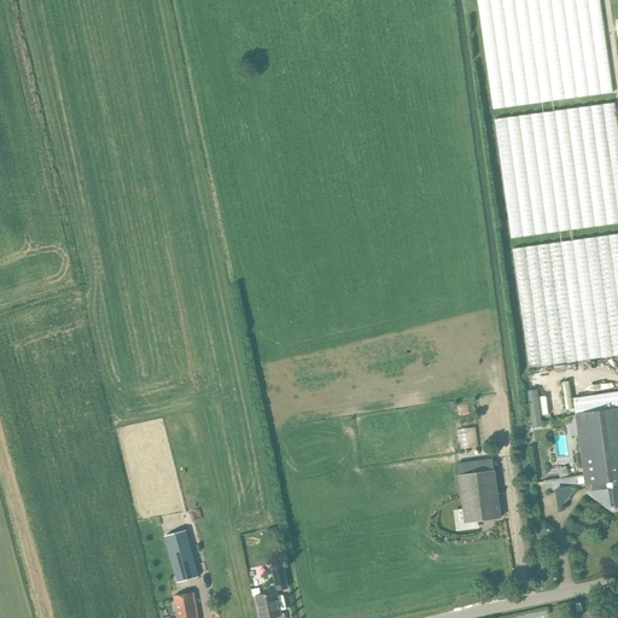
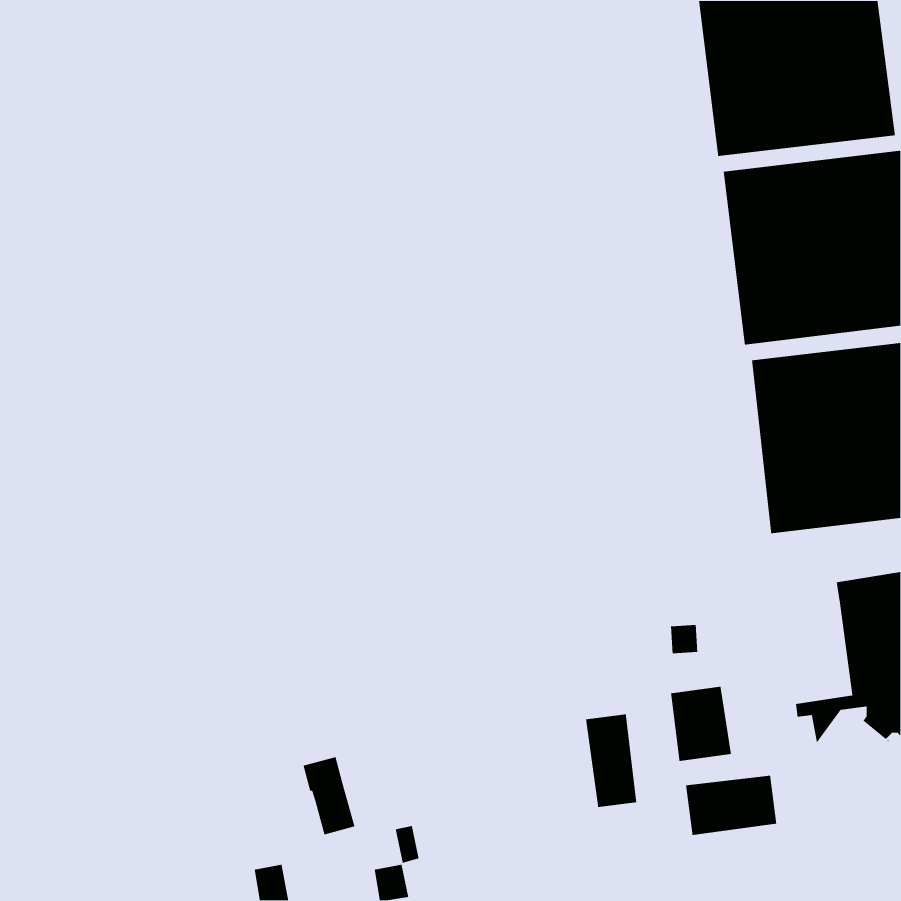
building: none -> [585,713,637,808]
building: [163,529,199,583] -> [303,756,355,836]
building: none -> [685,775,777,836]

